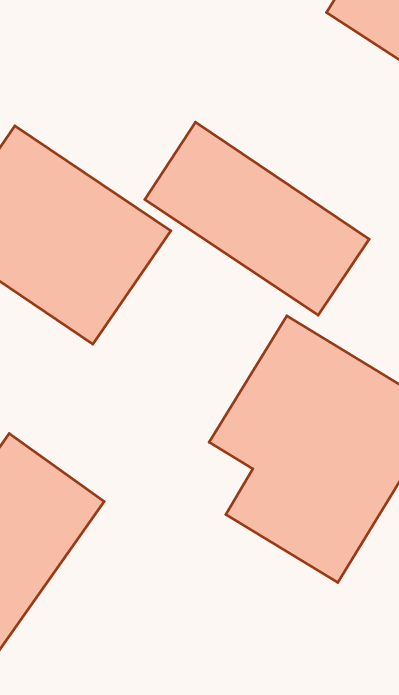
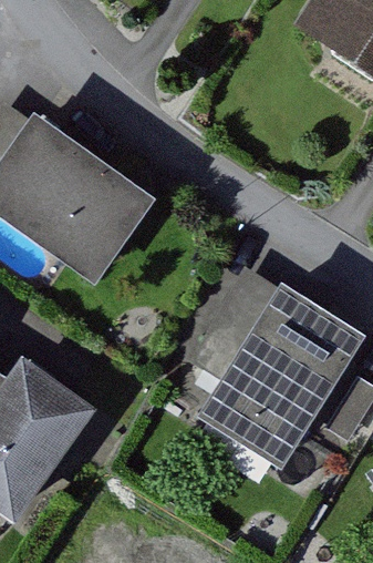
building: [145,122,369,315] -> none

